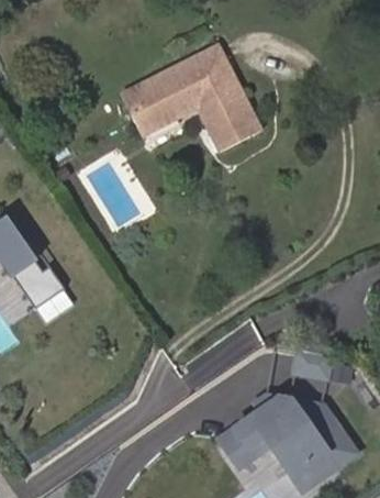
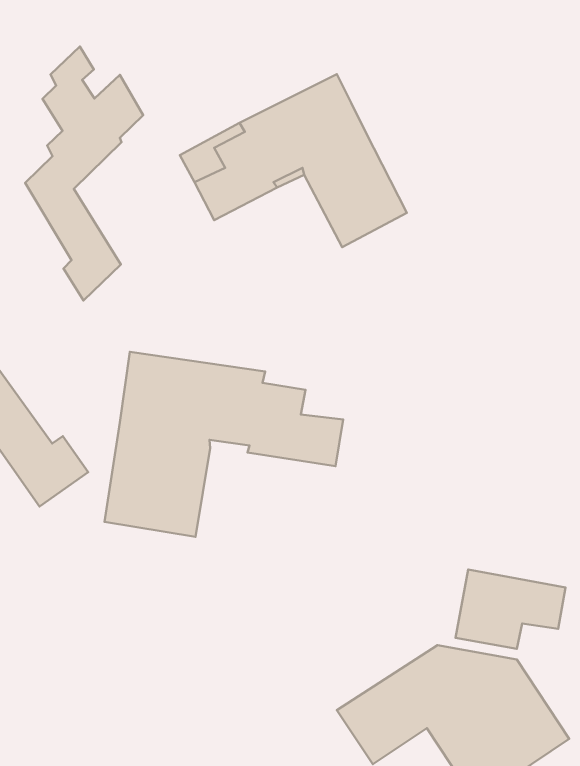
building: none -> [25,47,143,301]
building: none -> [105,352,343,537]

